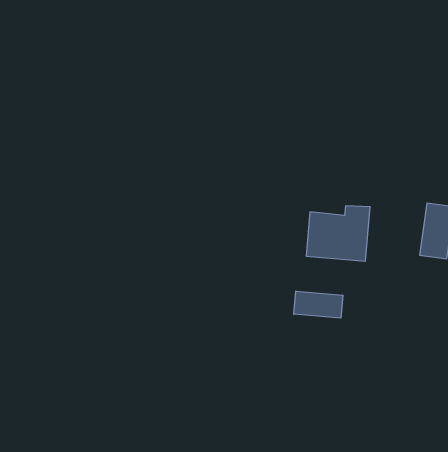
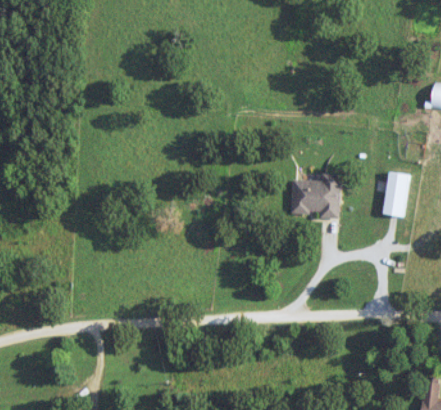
building: [294,291,343,318] -> none

